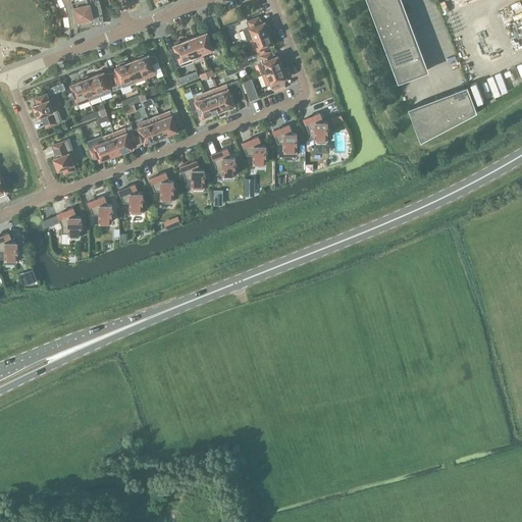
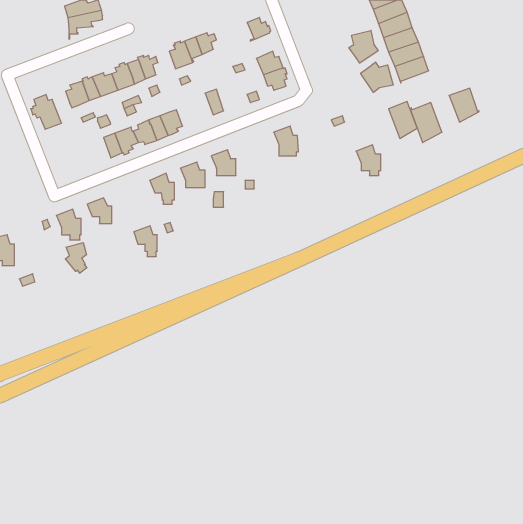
building: none -> [349,30,378,63]
building: [249,33,272,58] -> none
building: none -> [361,62,393,92]
building: [215,81,244,110] -> none
building: [187,93,212,118] -> none
building: [428,95,457,132] -> [389,102,417,139]
building: [303,113,327,144] -> [356,145,381,176]
building: [86,136,110,161] -> none
building: [242,138,265,163] -> none
building: [52,140,76,175] -> none
building: [118,185,142,215] -> [134,226,157,256]
building: none -> [65,243,87,273]

